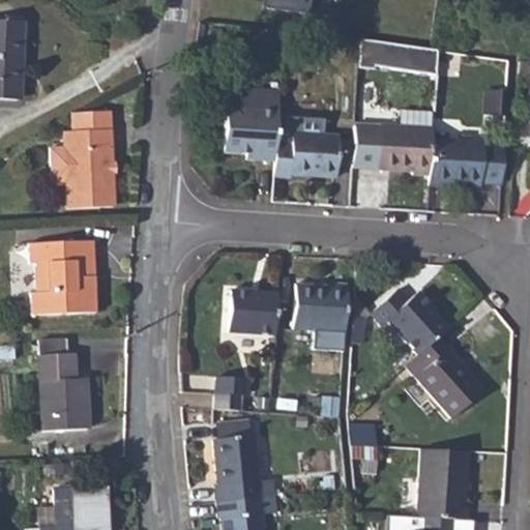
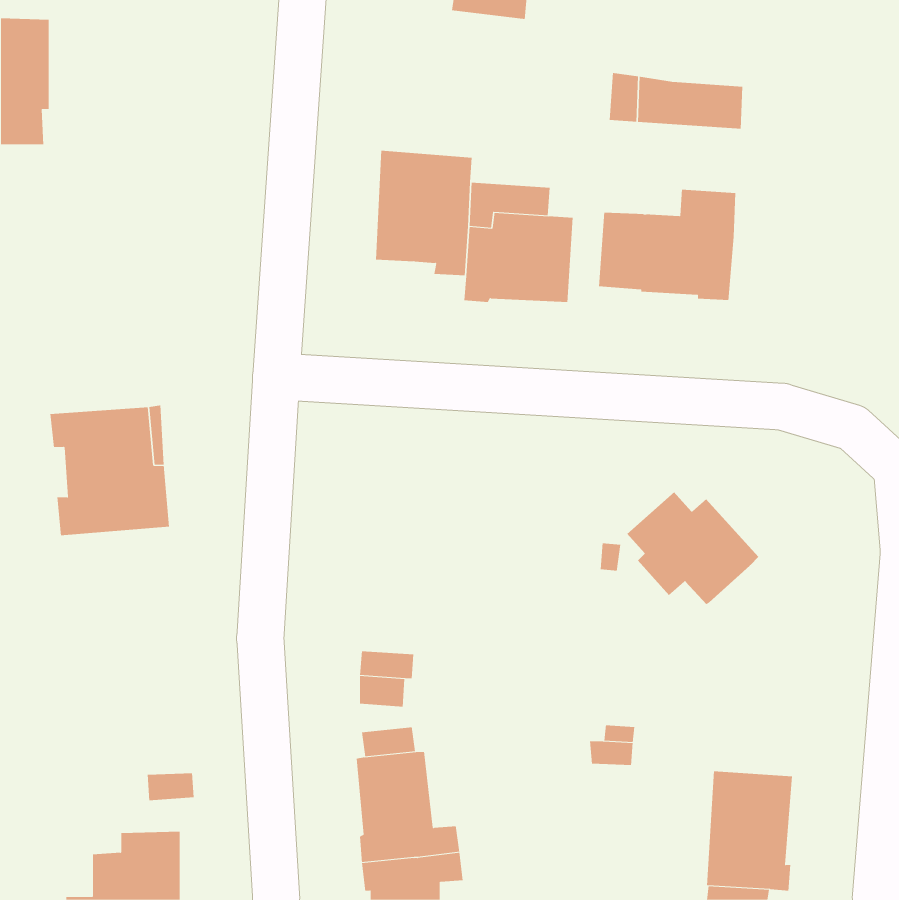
building: [53,107,118,206] -> none
building: [429,139,504,186] -> none
building: [293,284,348,332] -> none
building: [229,291,277,335] -> none
building: [418,331,487,414] -> none
building: [35,335,86,429] -> none

